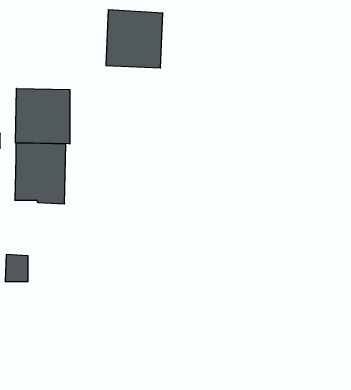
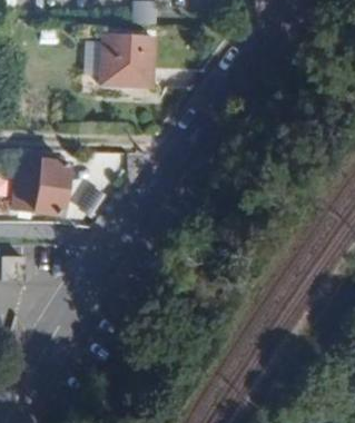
building: [15,88,70,144] -> none

